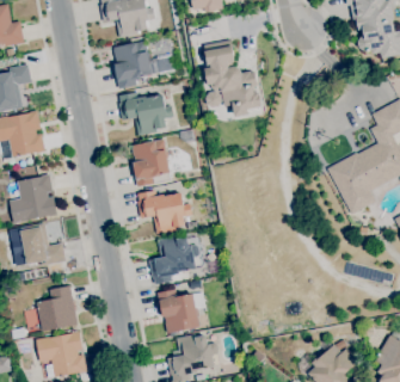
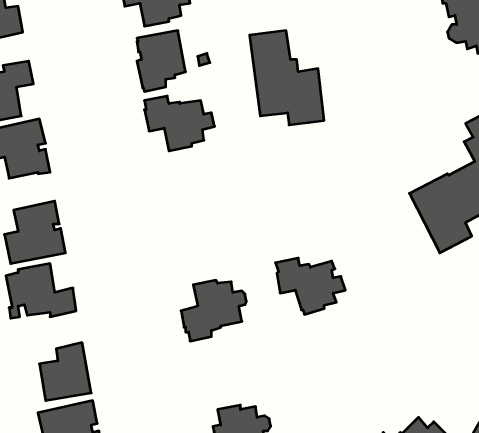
building: [131,138,176,186] -> none
building: [137,190,192,234] -> [275,258,345,314]
building: [158,289,199,333] -> none

